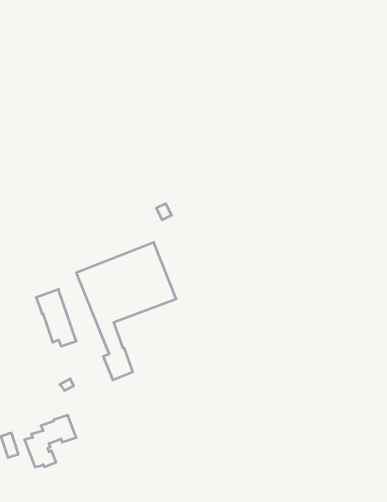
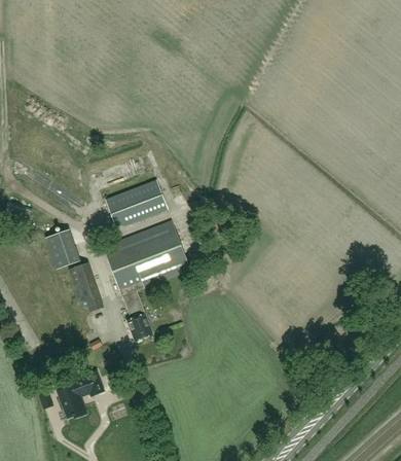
building: none -> [105,179,168,225]
building: none -> [44,227,79,269]

